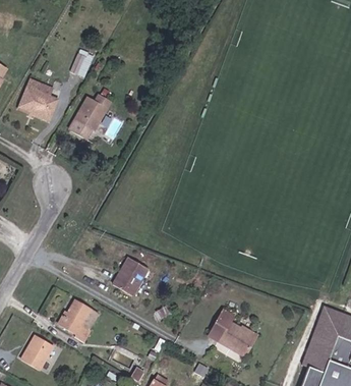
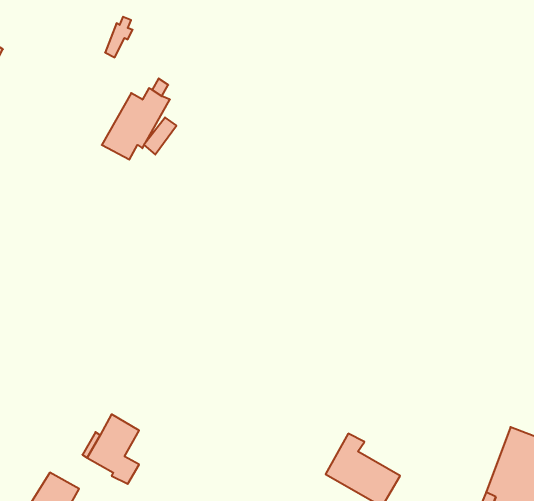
building: [18,79,57,119] -> none
building: [113,256,148,295] -> none

